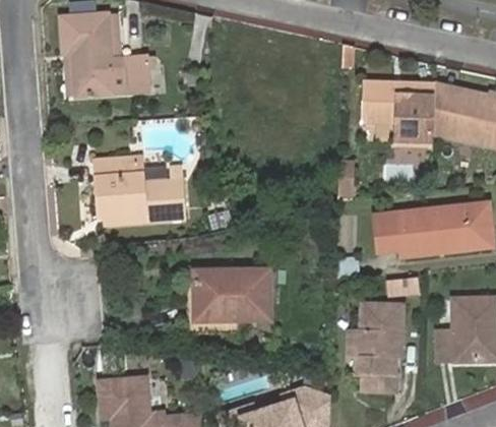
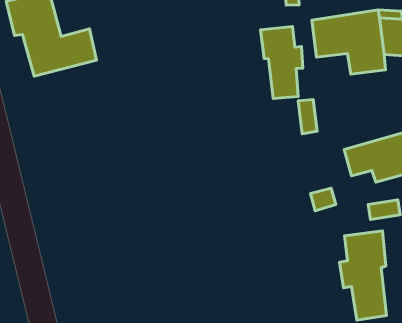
building: none -> [261,27,303,98]
building: [92,158,185,221] -> none
building: [195,270,268,319] -> none

